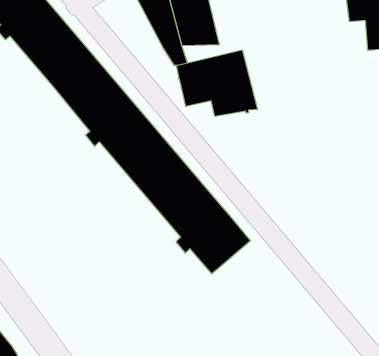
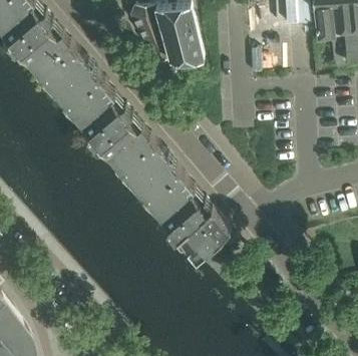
building: [176,50,257,116] -> none

